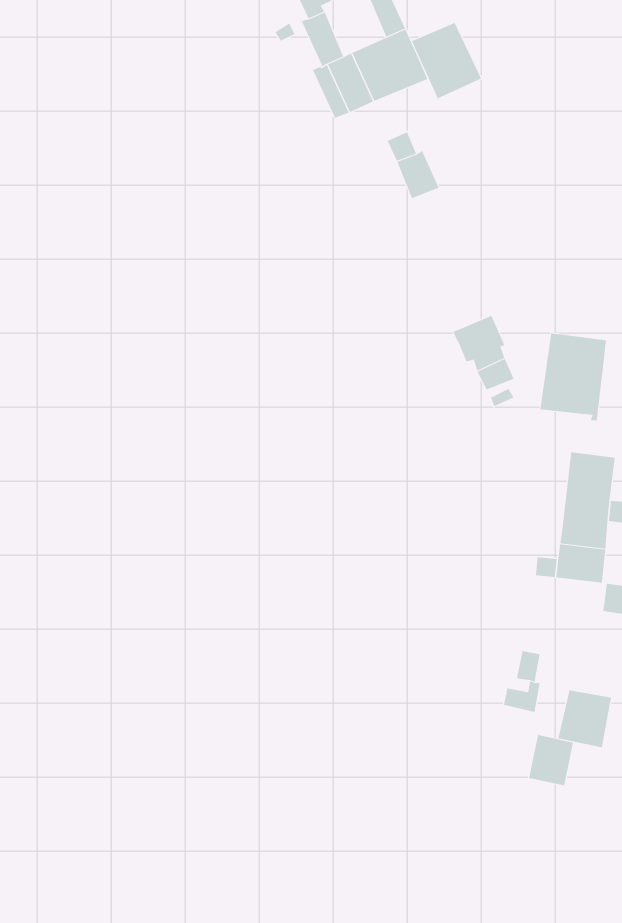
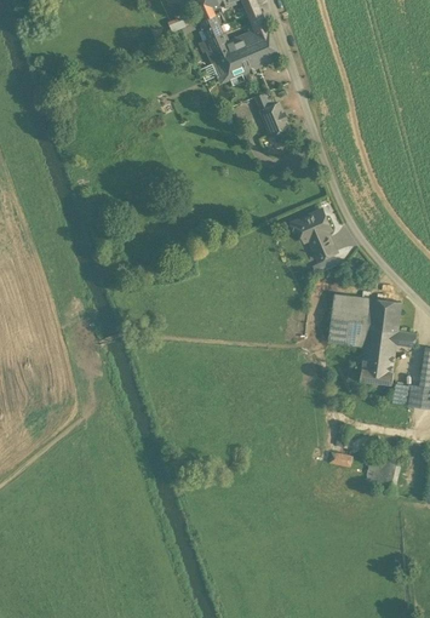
building: [411,22,482,99] -> none
building: [539,333,607,421] -> [327,293,371,350]
building: [529,734,574,786] -> none

